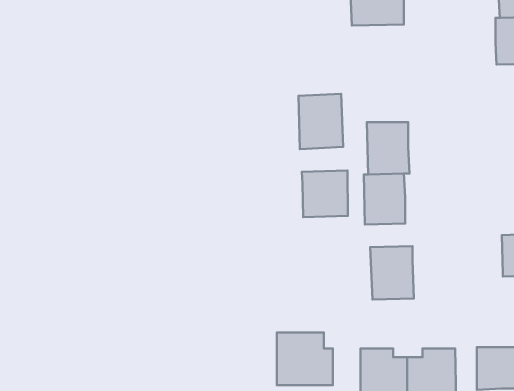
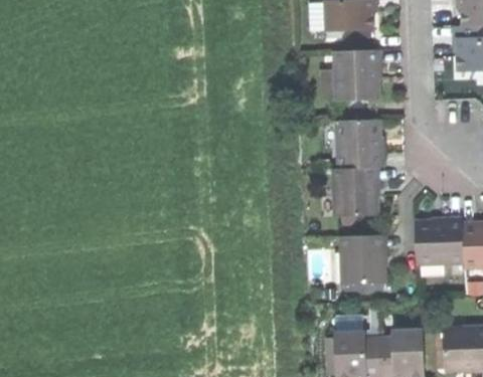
building: [299,94,343,149] -> [338,50,379,102]
building: [302,170,348,217] -> none
building: none -> [416,221,466,261]
building: [277,333,333,385] -> none

